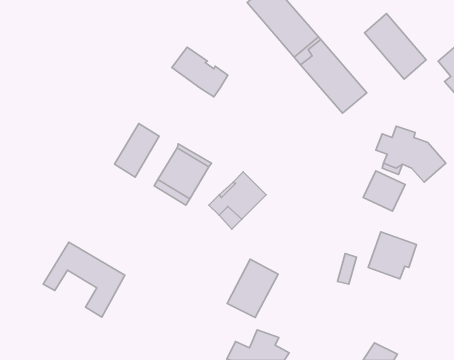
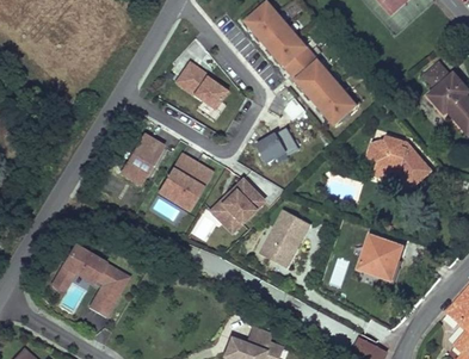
building: [364,14,426,79] -> none
building: none -> [255,126,298,162]
building: [363,171,405,211] -> none
building: [227,259,278,318] -> [258,213,306,268]

